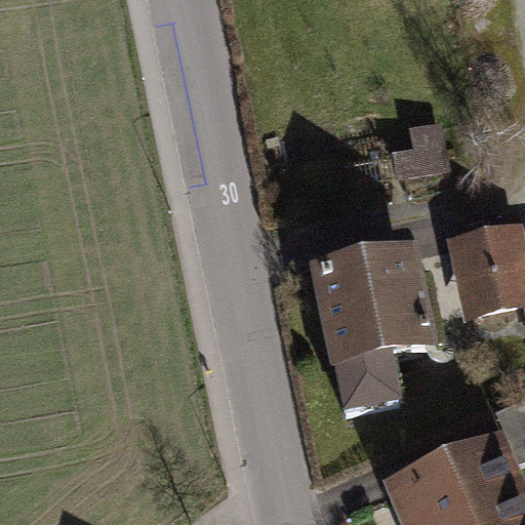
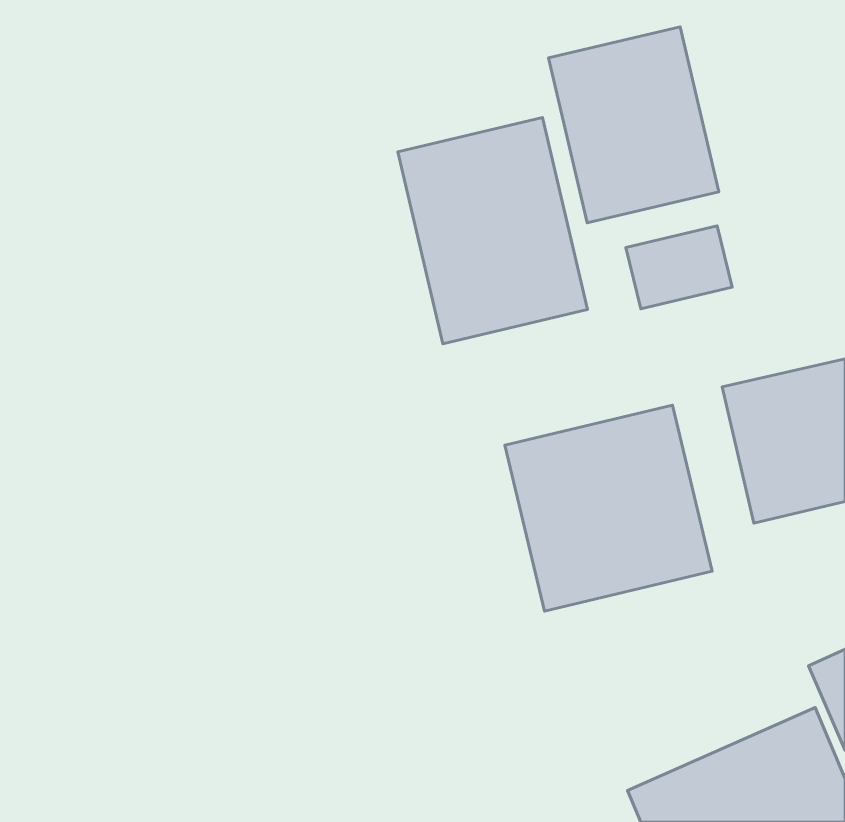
building: none -> [548,27,719,223]
building: none -> [398,118,588,344]

